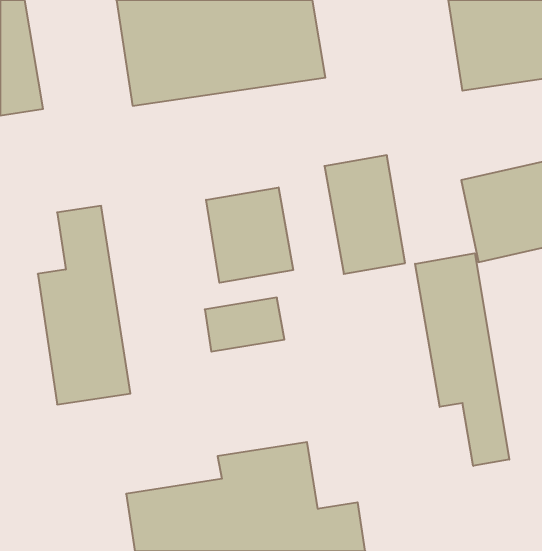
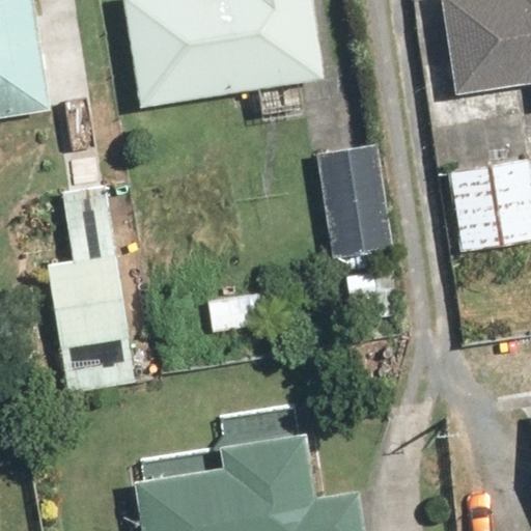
building: [206,187,293,283] -> none
building: [415,253,509,466] -> none

